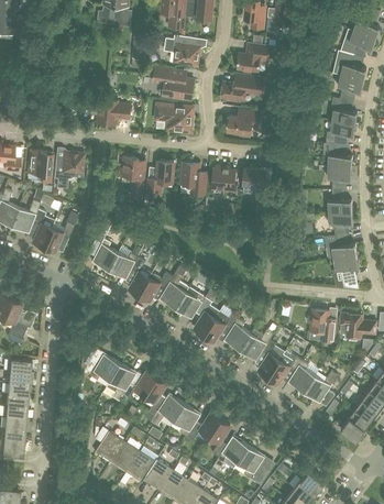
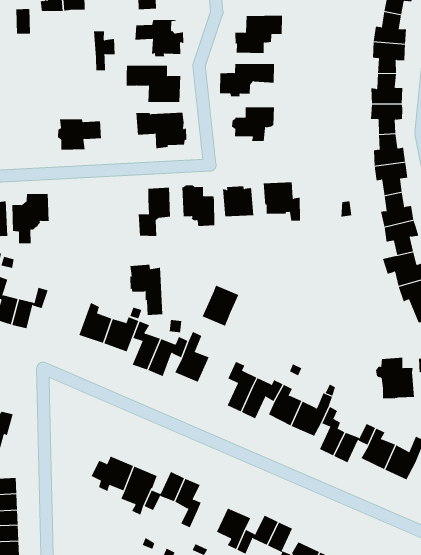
building: [120,157,145,197] -> [129,264,163,315]
building: [175,287,205,319] -> [202,285,239,327]
building: [150,394,184,426] -> none

